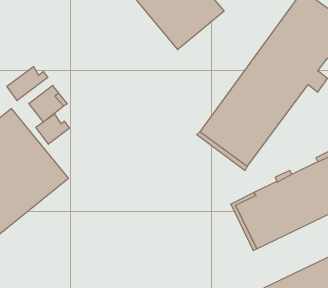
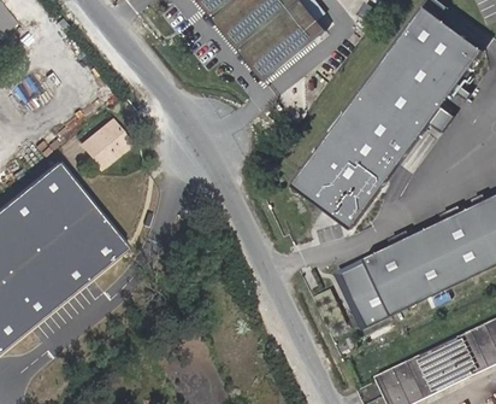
building: [7,67,48,101] -> none
building: [36,114,70,144] -> none

